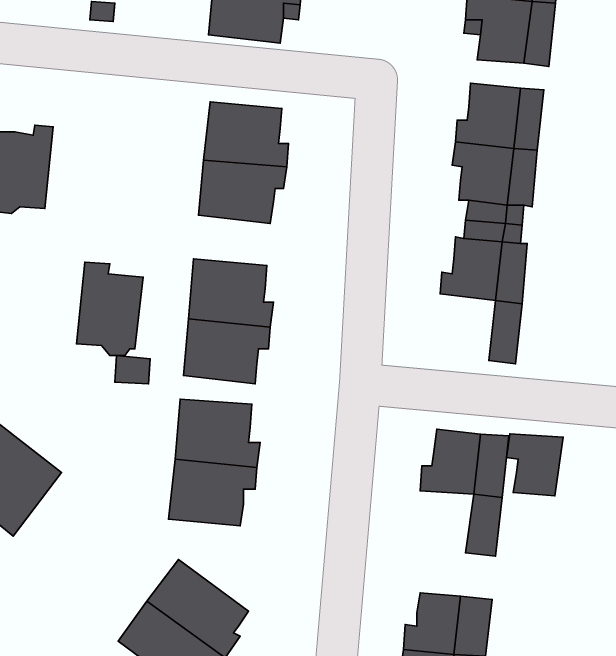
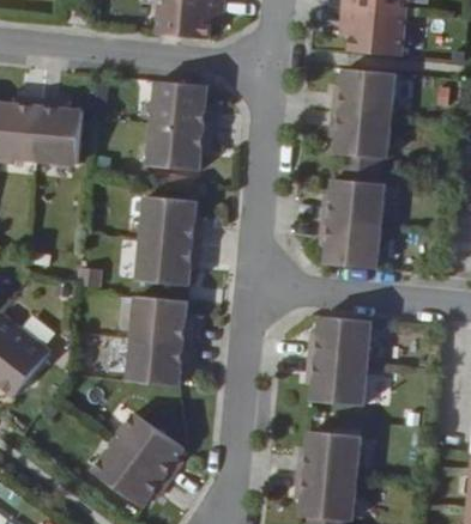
building: [76,262,143,356] -> [37,100,85,167]
building: none -> [319,220,361,268]
building: [506,434,563,496] -> [304,361,345,406]

